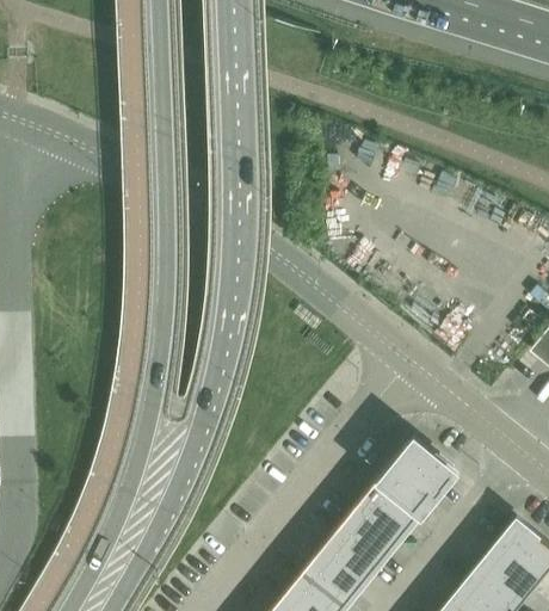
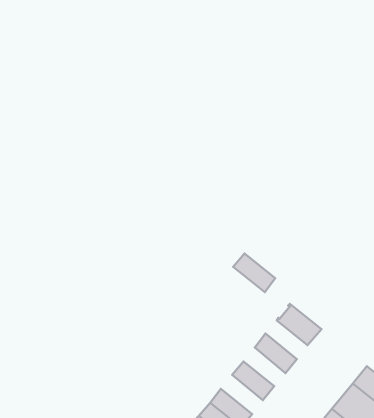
building: [380,461,437,513] -> [233,254,275,292]
building: [350,498,407,550] -> none
building: [319,535,376,588] -> none

